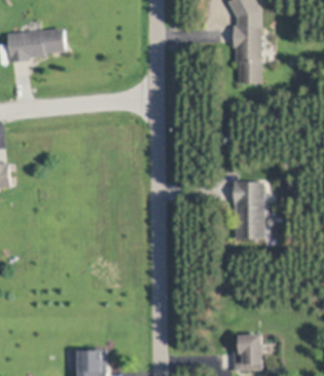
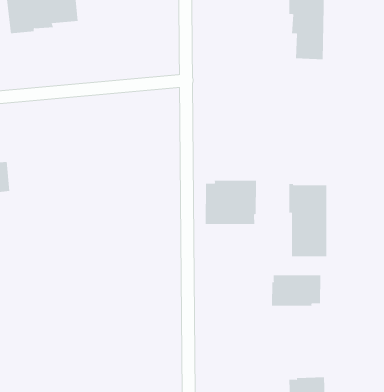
building: none -> [205,180,256,225]
building: none -> [272,275,321,307]

